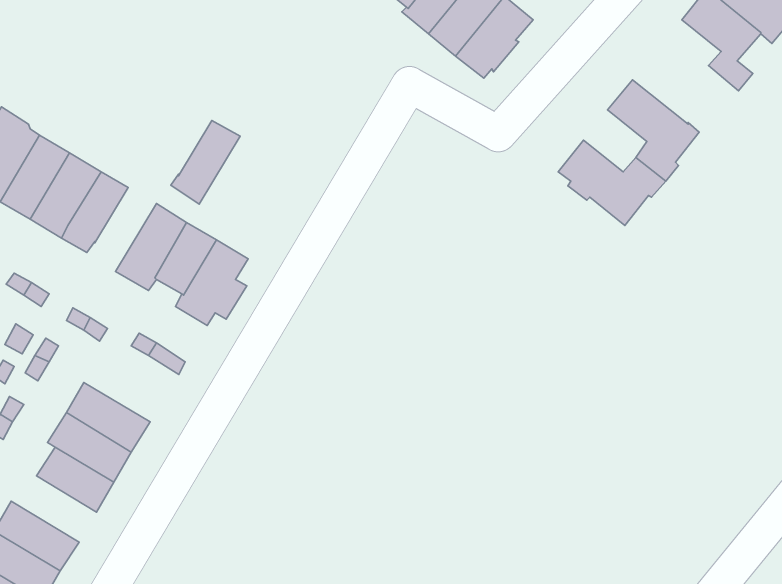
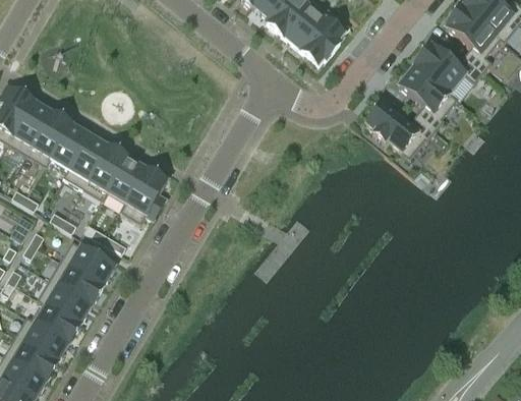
building: none -> [414,43,482,92]
building: [171,120,240,204] -> [63,132,108,186]
building: none -> [61,239,115,283]
building: none -> [14,316,69,360]

